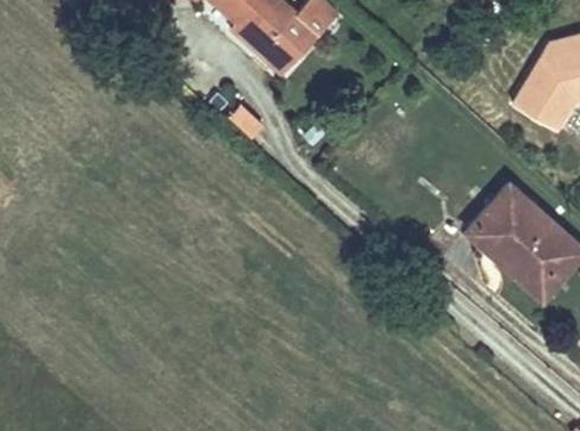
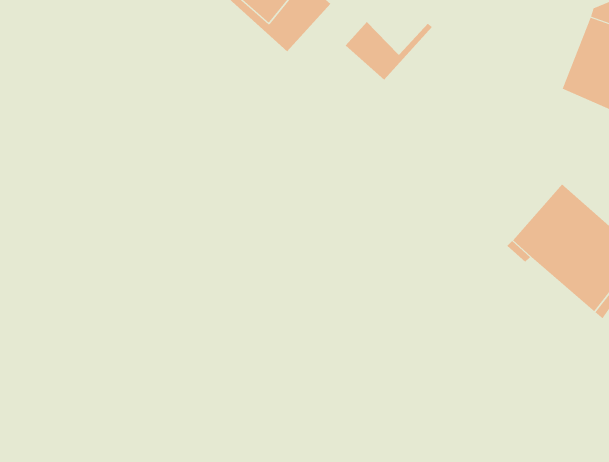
building: none -> [345,21,433,81]

